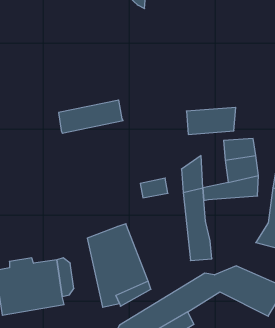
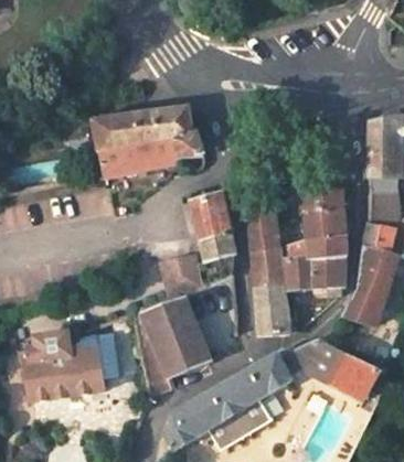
building: none -> [93,107,203,161]
building: [186,107,236,134] -> [284,256,344,289]
building: none -> [191,191,231,240]
building: none -> [160,254,204,293]

